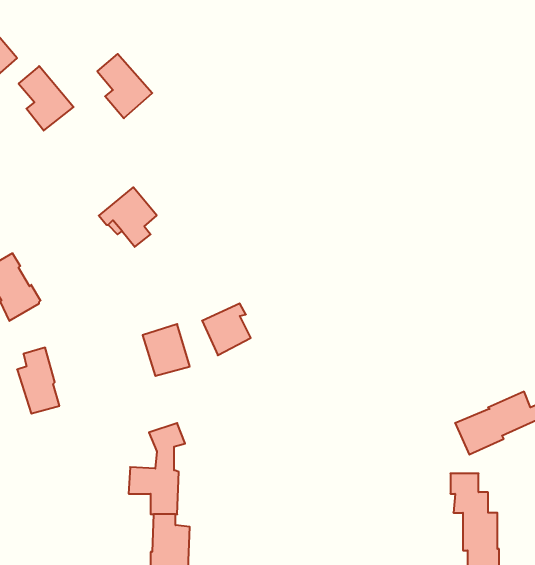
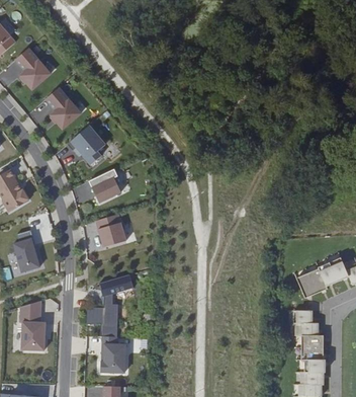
building: [97,54,152,118] -> [46,87,81,129]
building: [202,303,251,355] -> [89,169,120,203]
building: none -> [20,300,46,349]

